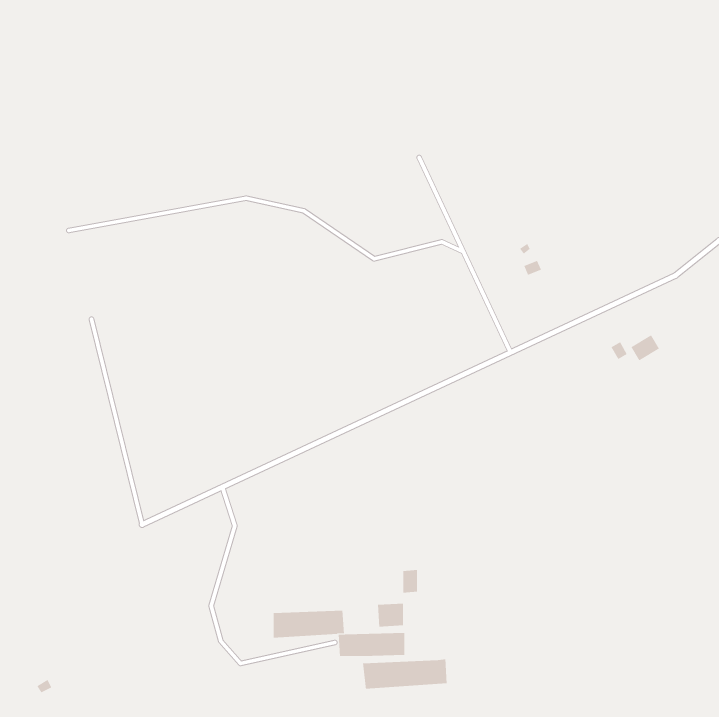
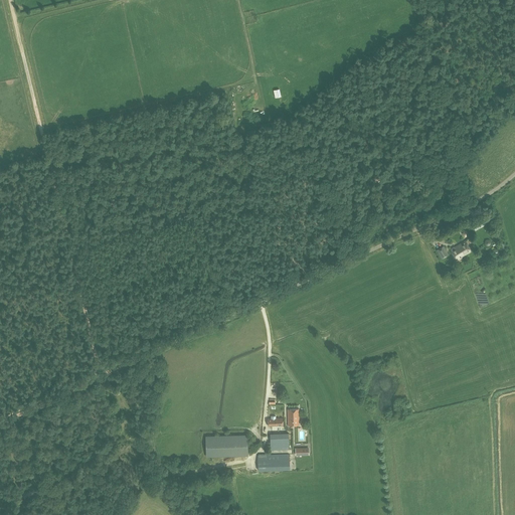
building: [362,658,447,690] -> none

